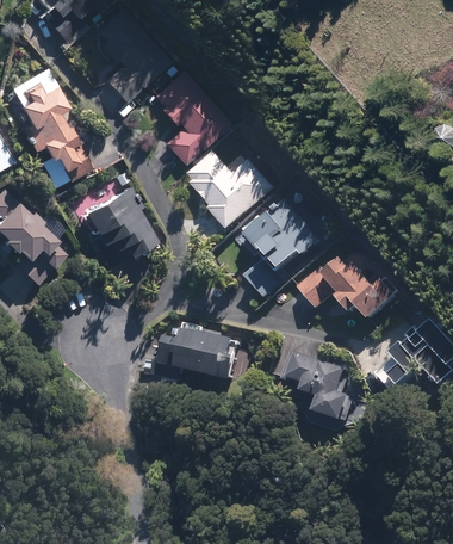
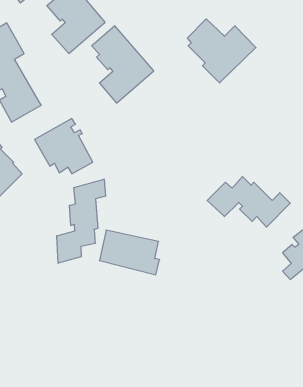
building: [188,150,274,230] -> [187,19,256,83]
building: [246,199,322,297] -> none
building: none -> [57,179,105,263]
building: [280,351,355,421] -> none

